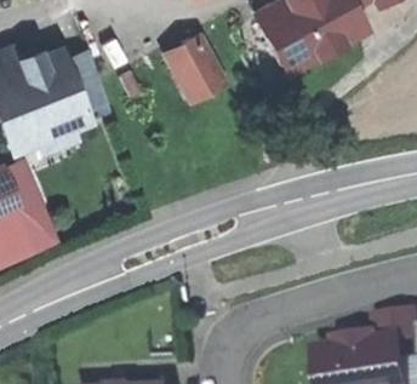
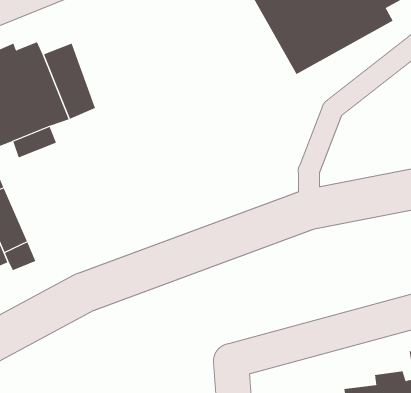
building: [171,42,224,97] -> none

